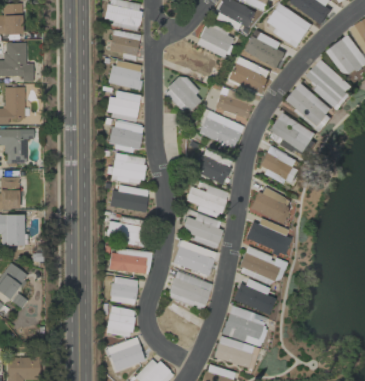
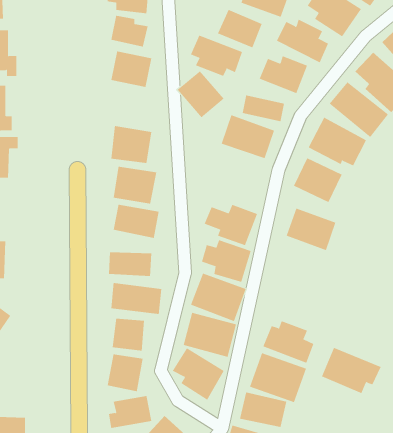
building: [106,90,141,121] -> none
building: [190,150,232,183] -> none
building: [245,222,291,254] -> none
building: [238,247,287,285] -> [321,347,381,394]

